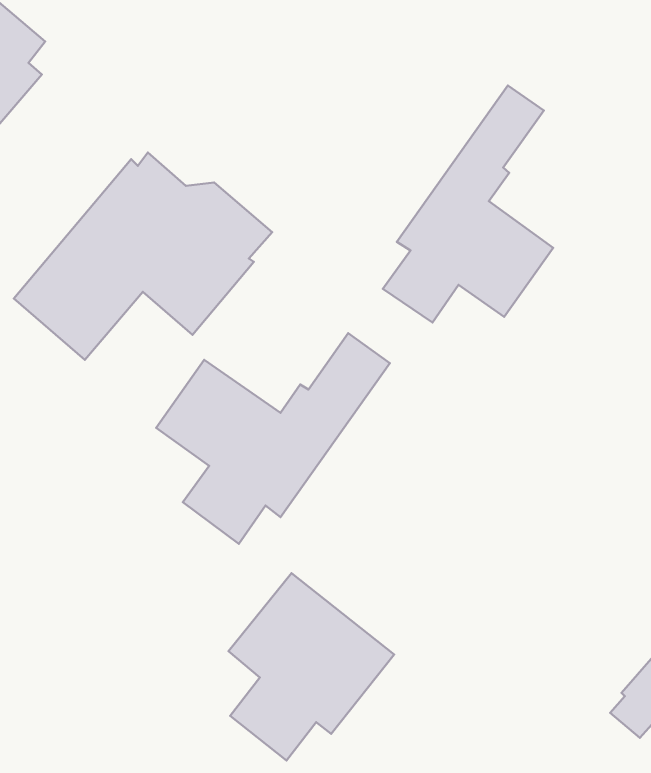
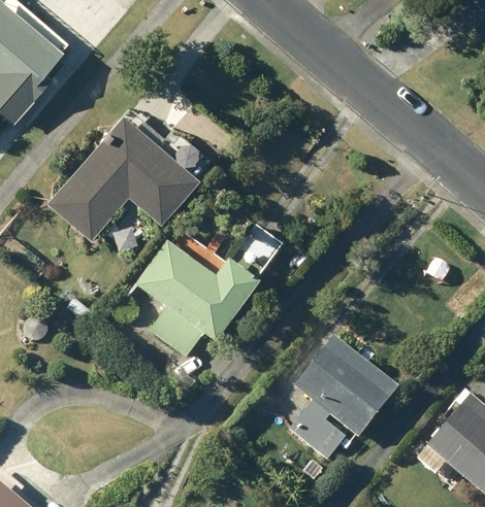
building: [383,85,553,322] -> none
building: [228,573,394,760] -> [294,340,397,457]

